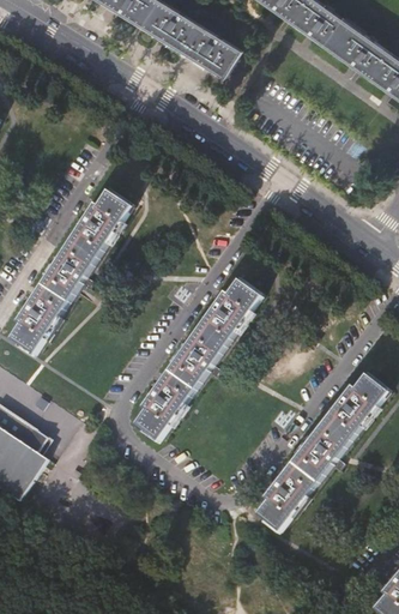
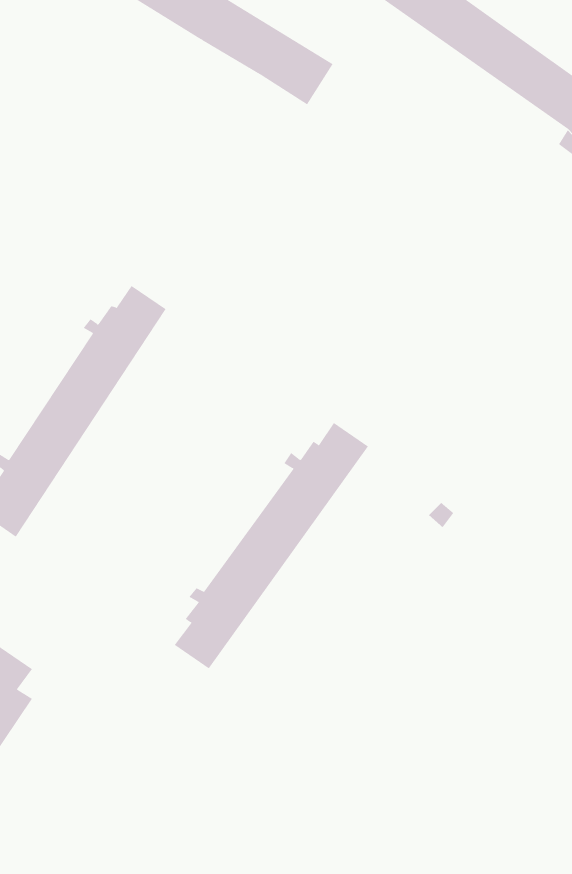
building: [256,374,386,530] -> none

